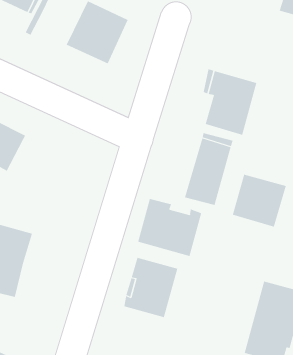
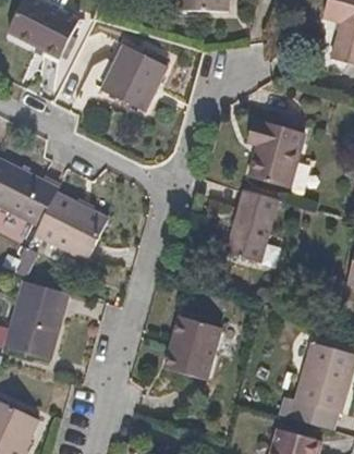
building: none -> [36,192,107,258]
building: [232,174,287,227] -> none
building: [138,198,202,257] -> none

